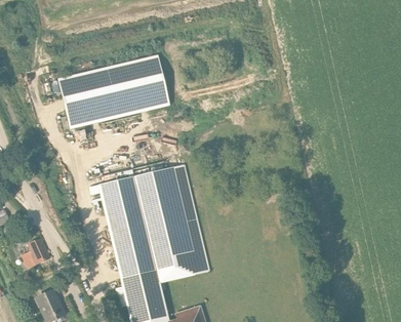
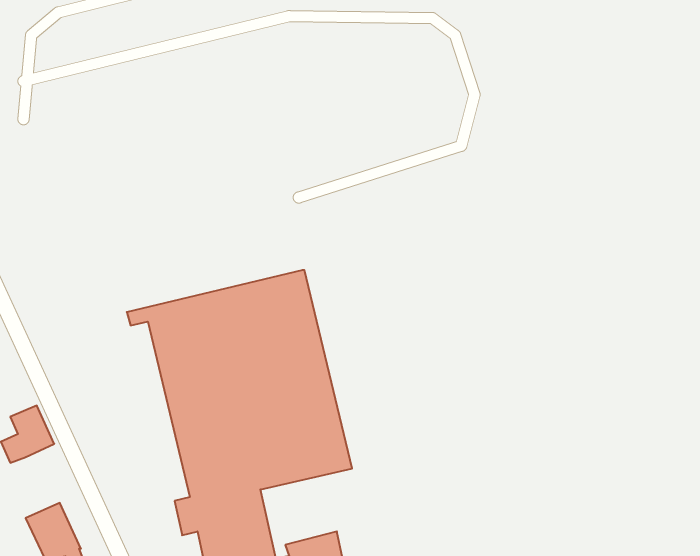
building: [57,54,169,128] -> none

